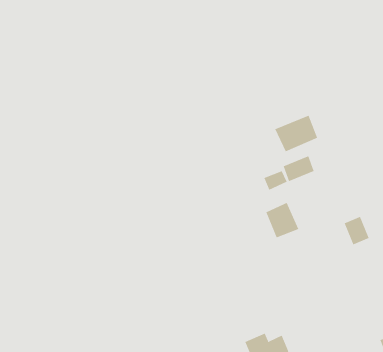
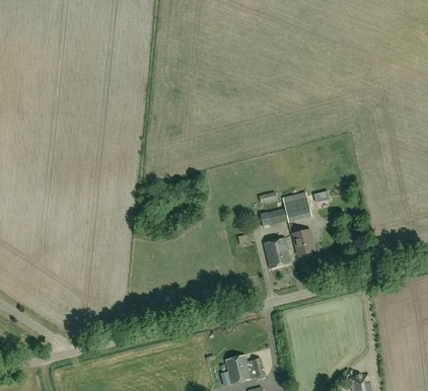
building: [275,115,318,152] -> none
building: [344,216,370,245] -> [292,229,313,254]

